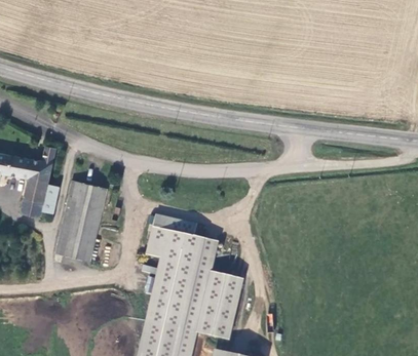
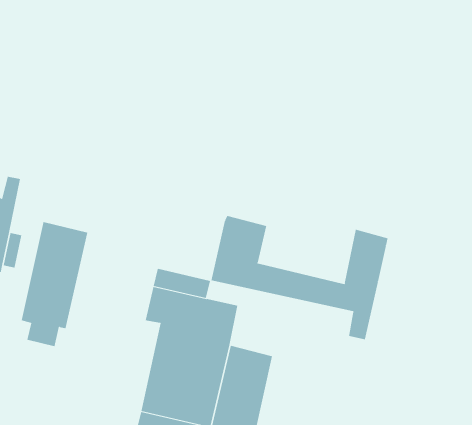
building: none -> [211,215,388,340]

